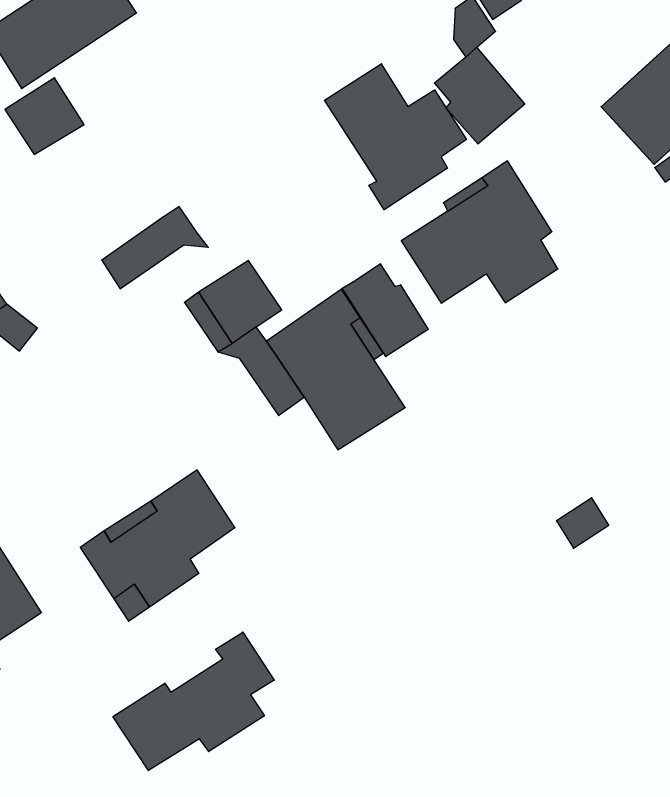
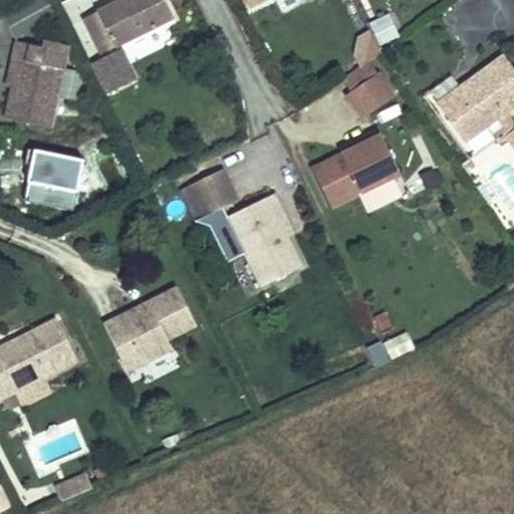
building: [324,64,466,210] -> none
building: [102,206,208,289] -> none
building: [342,264,428,357] -> none
building: [113,632,274,771] -> none

